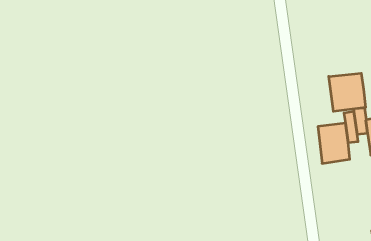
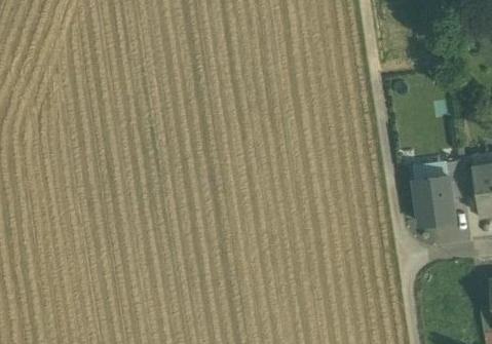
building: [329,73,366,111] -> none

